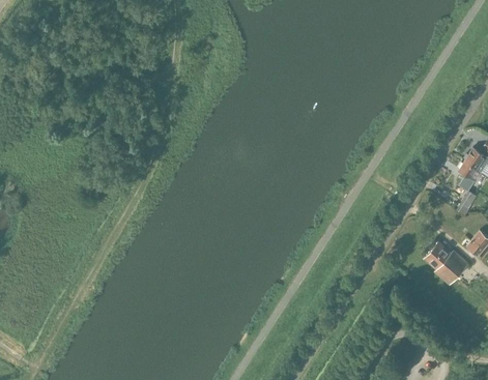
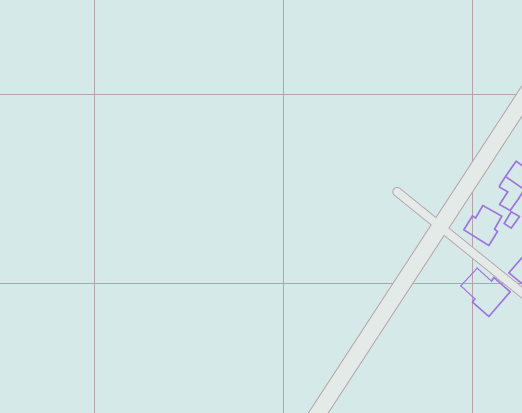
building: none -> [464,205,502,246]

